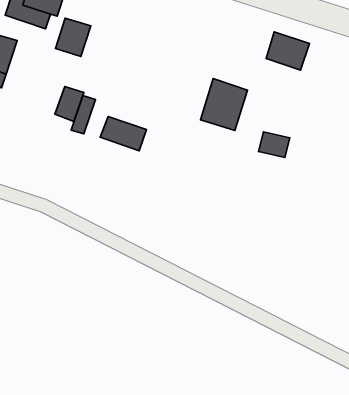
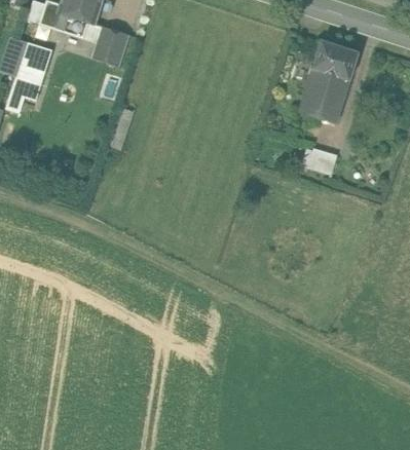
building: [200,78,247,131] -> [298,69,347,123]
building: [55,86,84,121] -> none
building: [100,117,146,151] -> none

